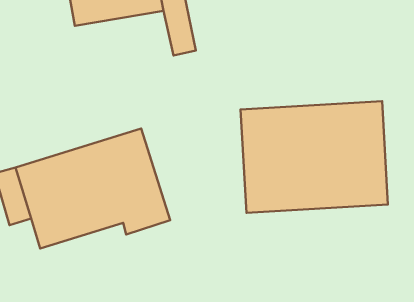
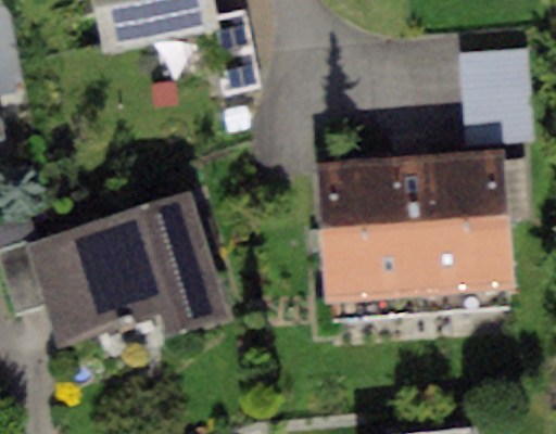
building: none -> [458,52,534,146]

